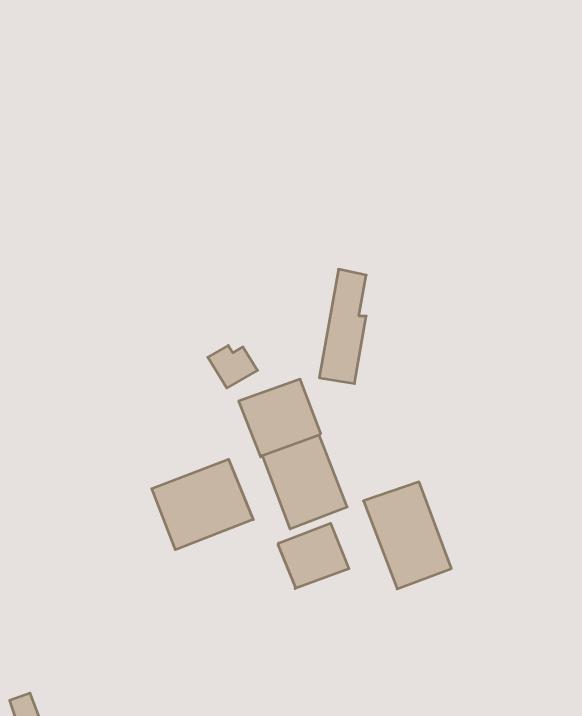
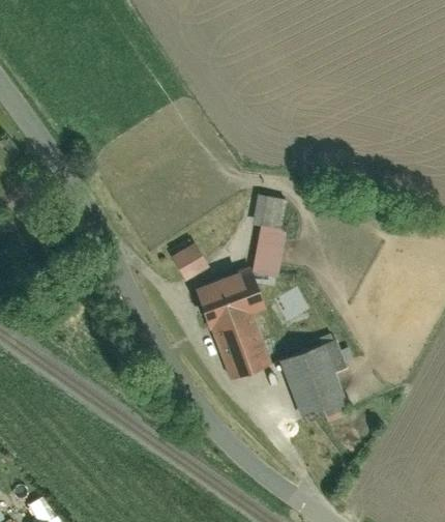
building: [152,459,253,550] -> none
building: [278,523,349,589] -> none

